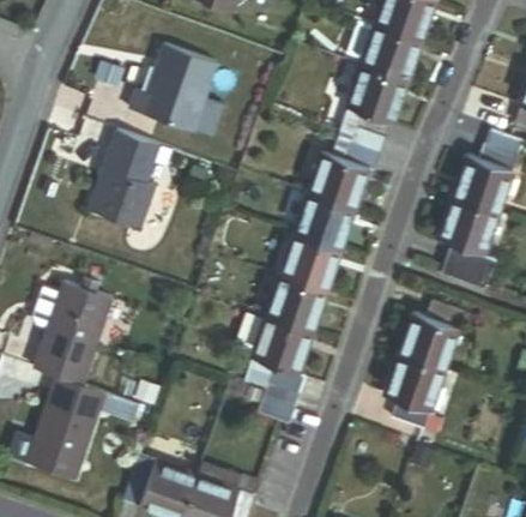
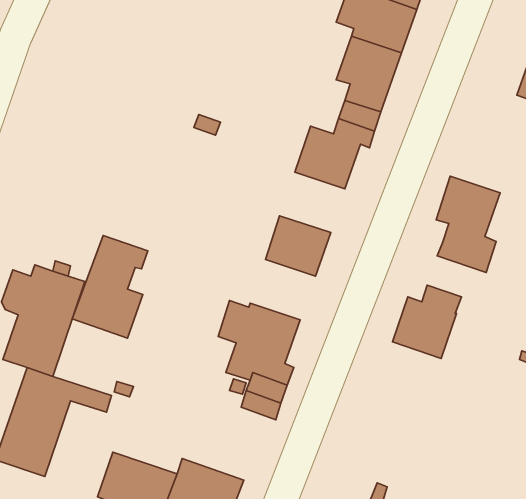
building: [131,44,216,130] -> none
building: [89,131,159,227] -> [72,235,148,338]
building: [453,143,519,214] -> none
building: [294,194,355,251] -> none
building: [266,276,327,332] -> none
building: [385,353,445,425] -> none

